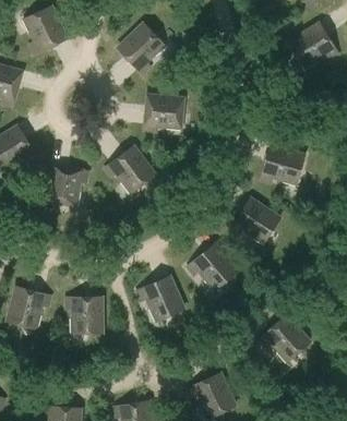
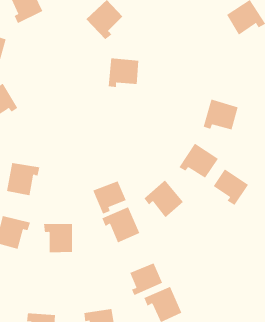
building: [106,146,155,193] -> none
building: [47,166,88,206] -> [6,163,40,196]
building: none -> [213,169,249,206]
building: none -> [92,180,126,214]
building: [261,315,311,361] -> none
building: none -> [129,262,163,296]

